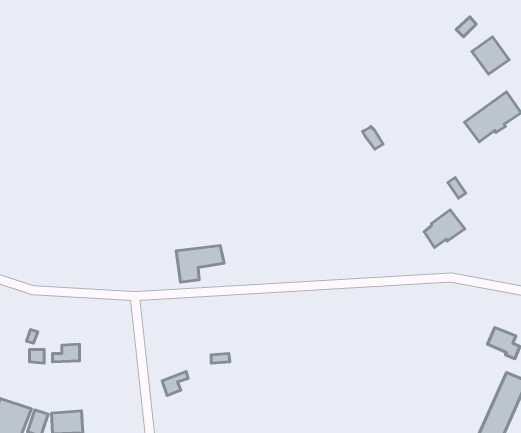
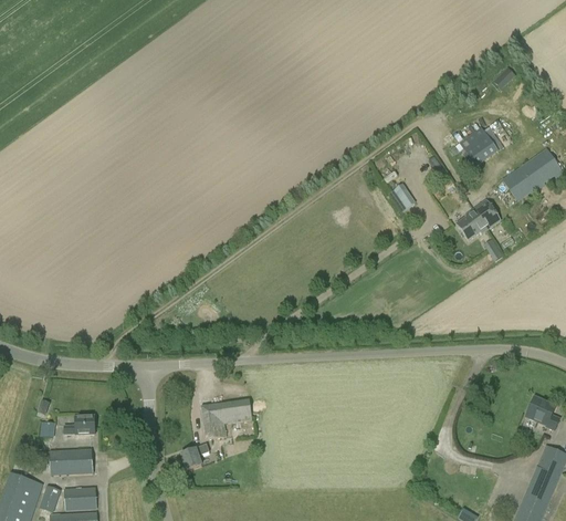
building: [472,37,509,74] -> [459,126,499,166]
building: [424,210,465,247] -> [457,199,500,239]
building: [176,246,224,282] -> [201,399,252,438]
building: none -> [50,448,93,475]

